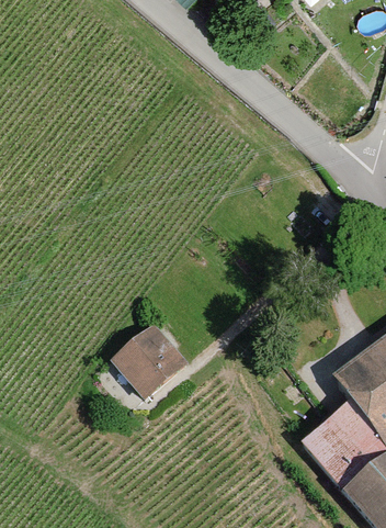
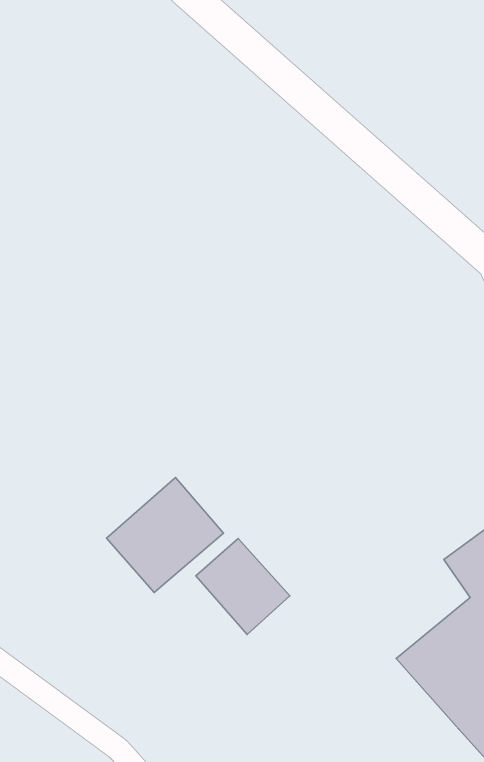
building: none -> [196,539,290,634]

